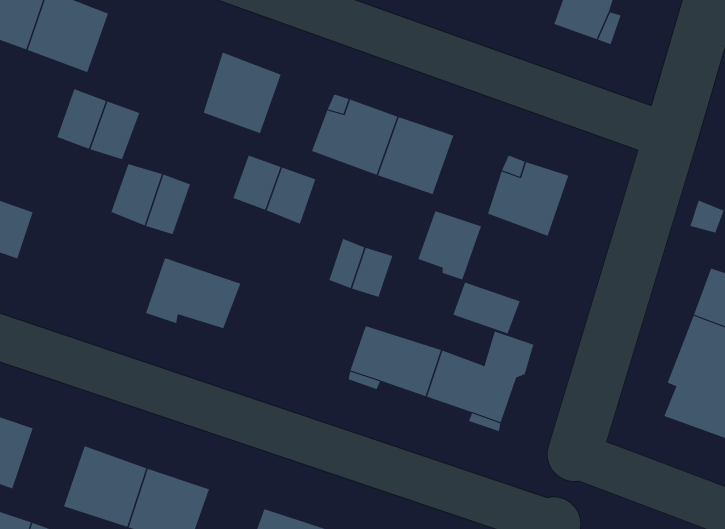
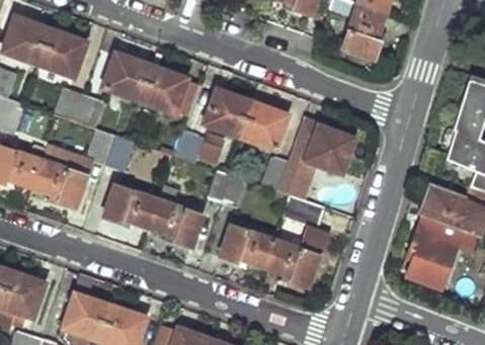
building: none -> [101,52,151,100]
building: none -> [32,158,86,205]
building: none -> [152,199,206,246]

